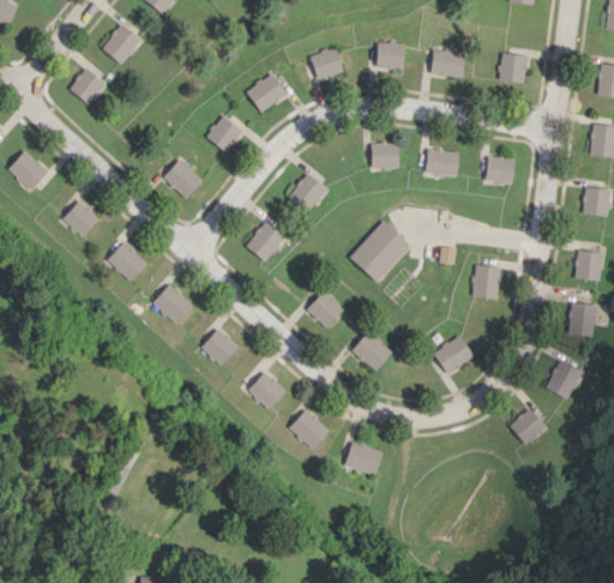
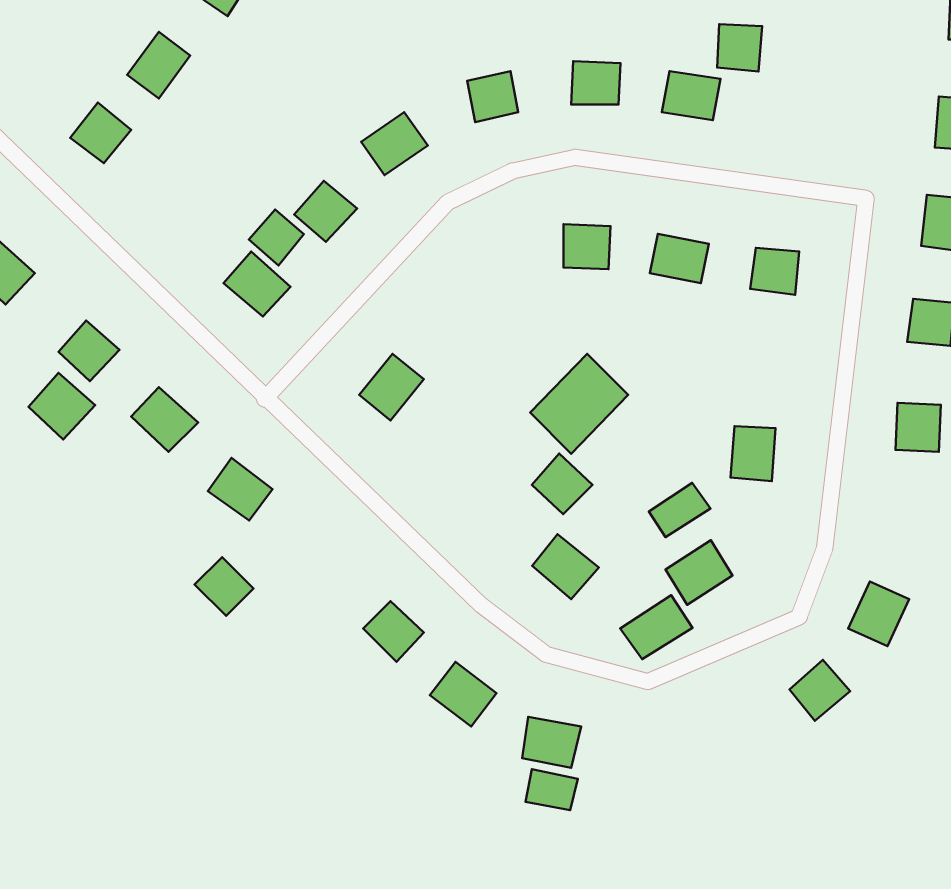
building: [500,54,528,83] -> [717,24,762,71]
building: none -> [249,209,304,266]
building: [288,173,327,214] -> none
building: none -> [28,373,95,439]
building: [307,290,344,327] -> [532,453,593,514]
building: none -> [649,483,711,537]
building: [567,302,595,336] -> none
building: [201,329,237,365] -> [195,557,254,616]
building: none -> [620,595,693,659]
building: none -> [526,769,578,810]

